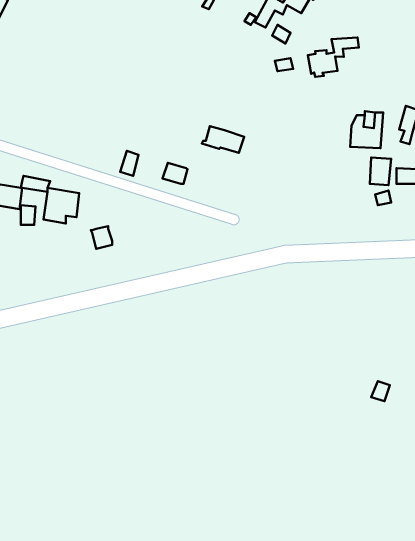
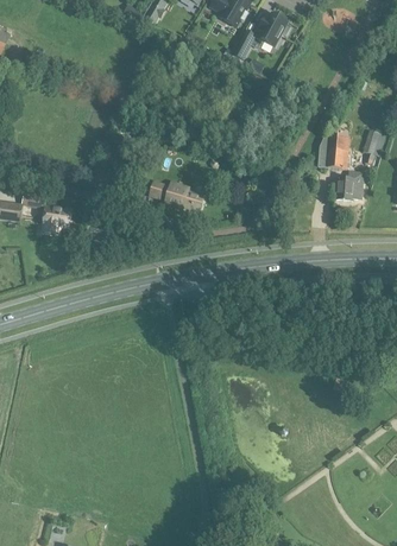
building: [308,37,359,77] -> none
building: [202,126,244,153] -> [164,186,202,210]

